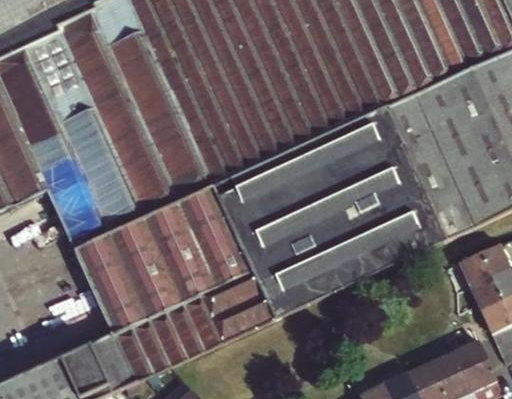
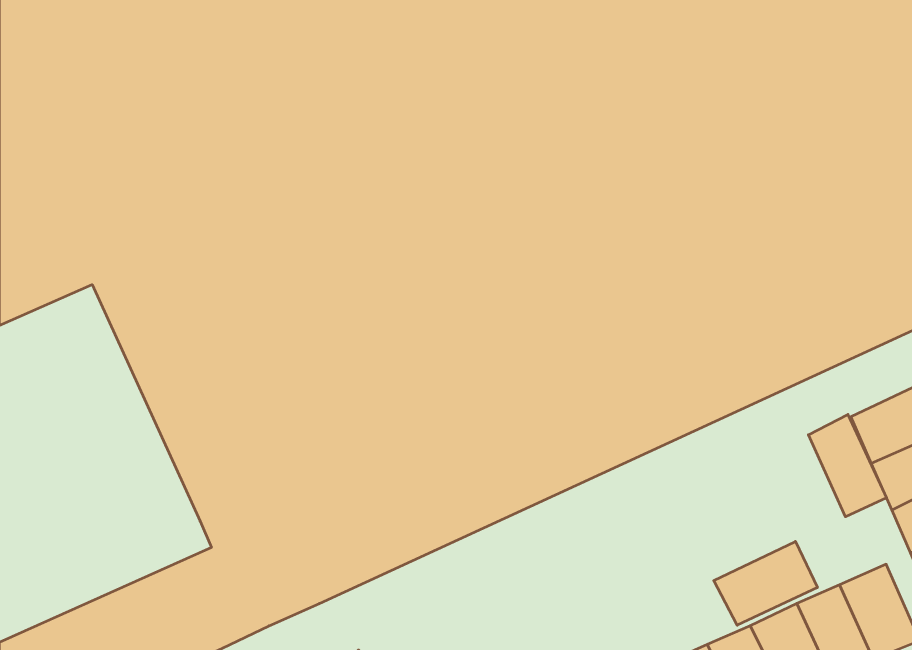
building: none -> [808,414,886,517]
building: none -> [714,541,817,625]

